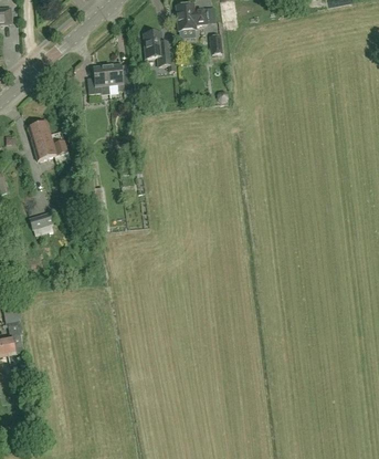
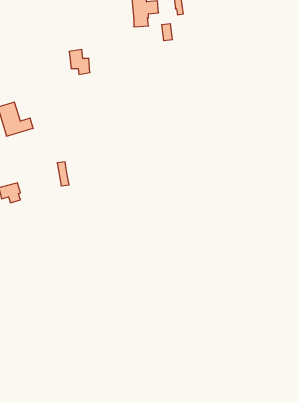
building: [144,30,176,69] -> none
building: [87,64,109,92] -> none

